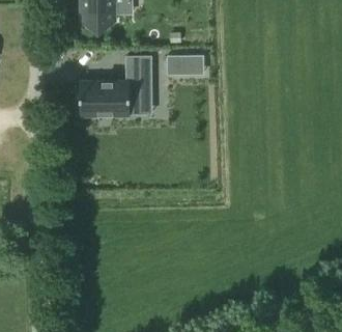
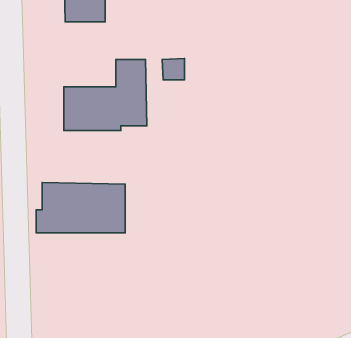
building: none -> [36,183,125,233]

